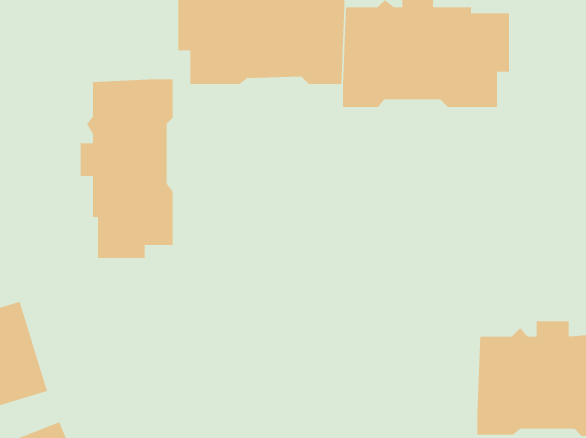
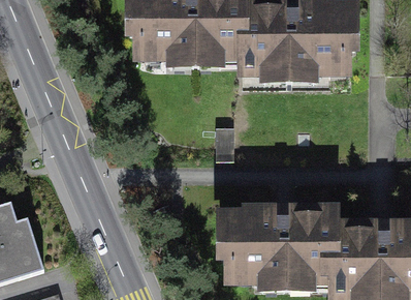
building: [80,78,173,259] -> none
building: none -> [221,204,335,282]

